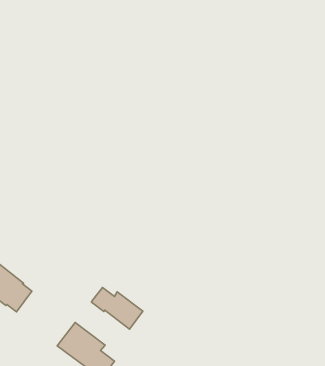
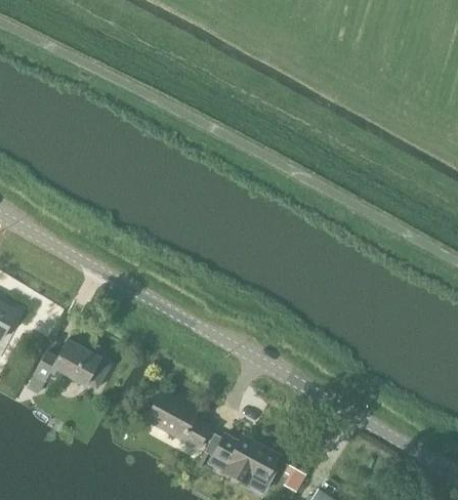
building: [92,288,143,329] -> none

